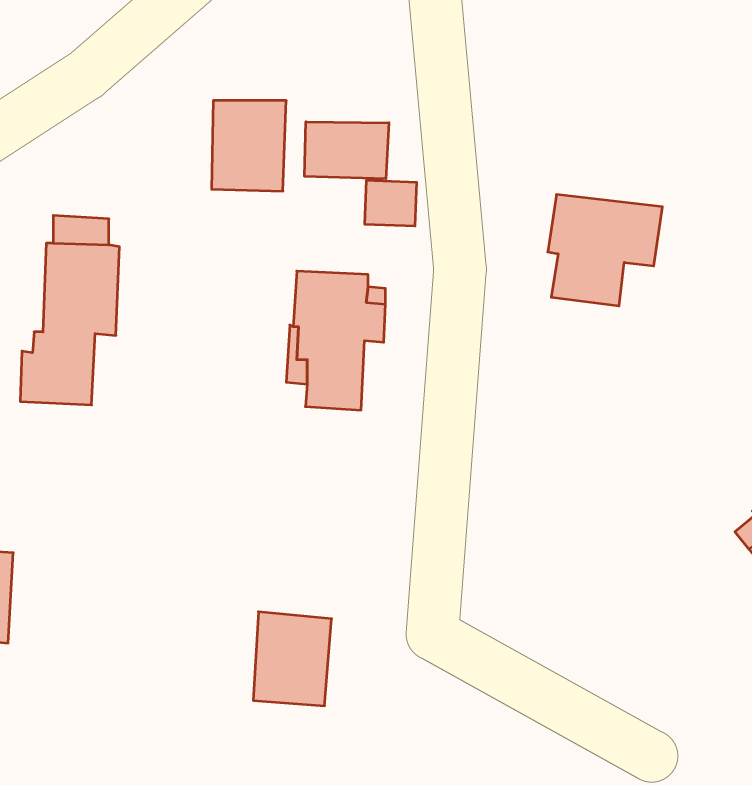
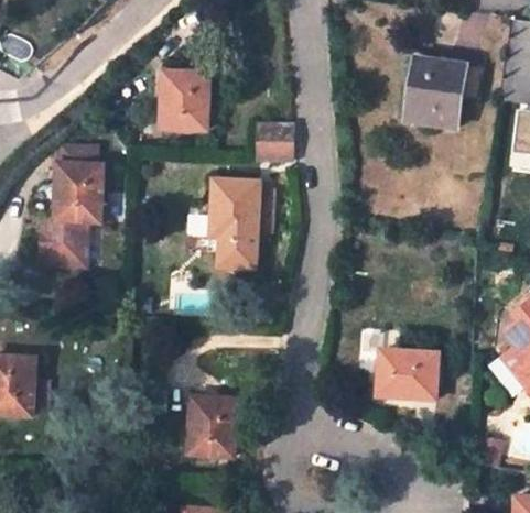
building: [305,122,389,179] -> none
building: [548,195,662,306] -> [411,56,484,127]
building: none -> [378,349,436,399]

